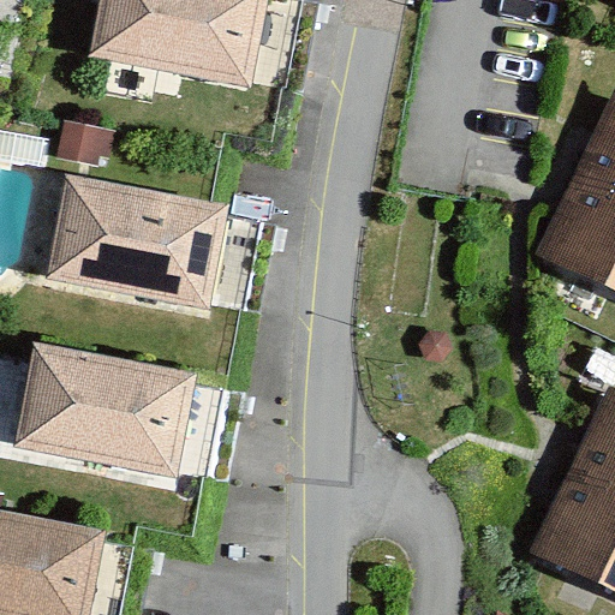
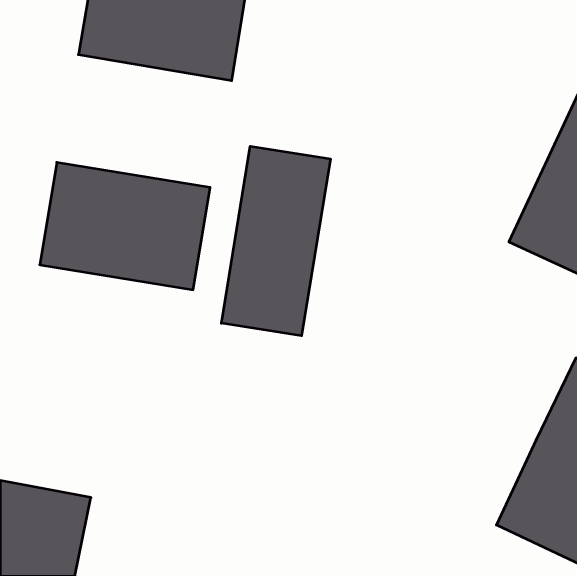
building: none -> [221,146,330,336]
building: [13,344,192,479] -> none

